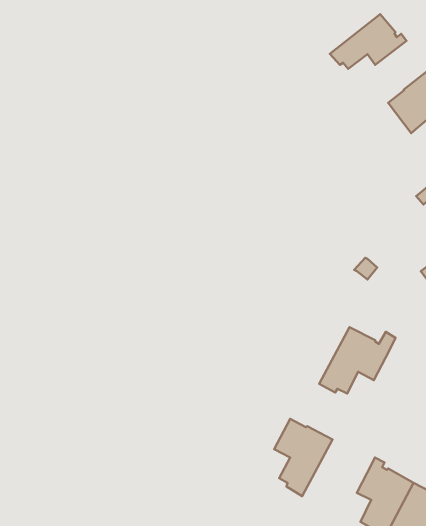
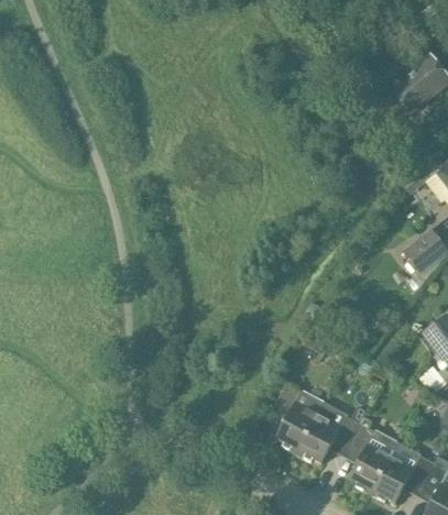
building: [330,14,406,69] -> none
building: [319,327,396,394] -> [296,403,365,463]

